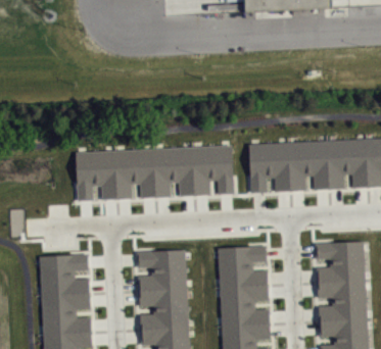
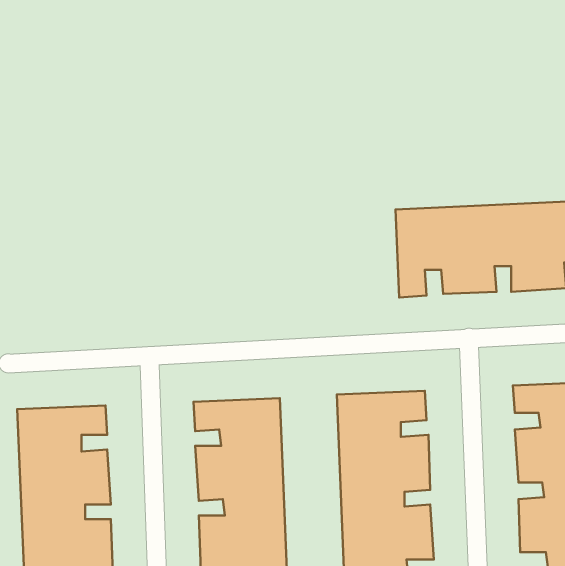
building: [77,145,235,201] -> none

